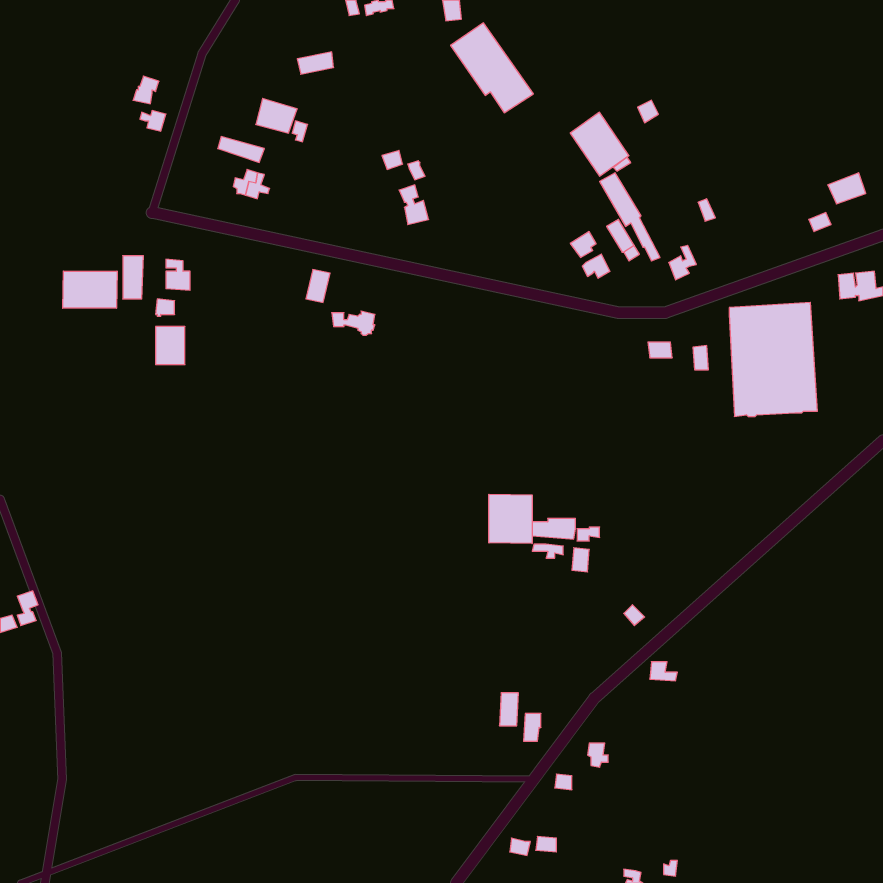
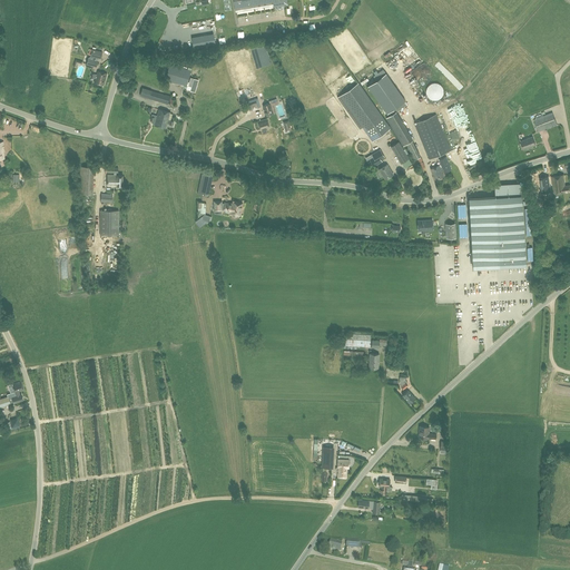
building: [451,23,533,113] -> [337,82,391,140]
building: none -> [414,115,451,159]
building: [63,271,117,308] -> none
building: [489,494,532,544] -> none

